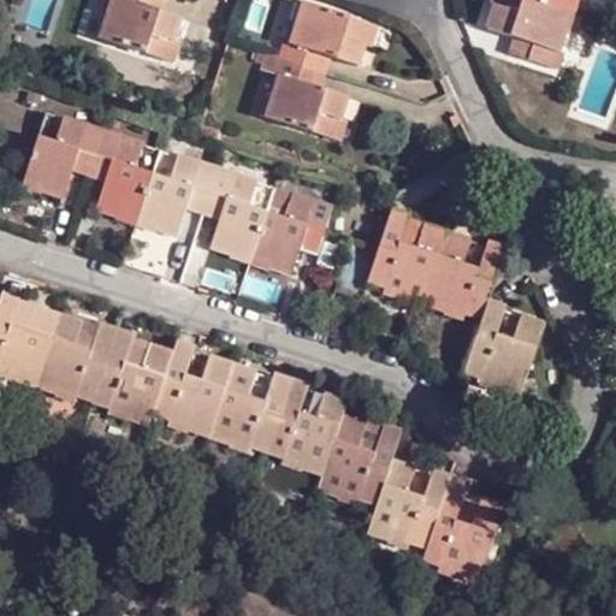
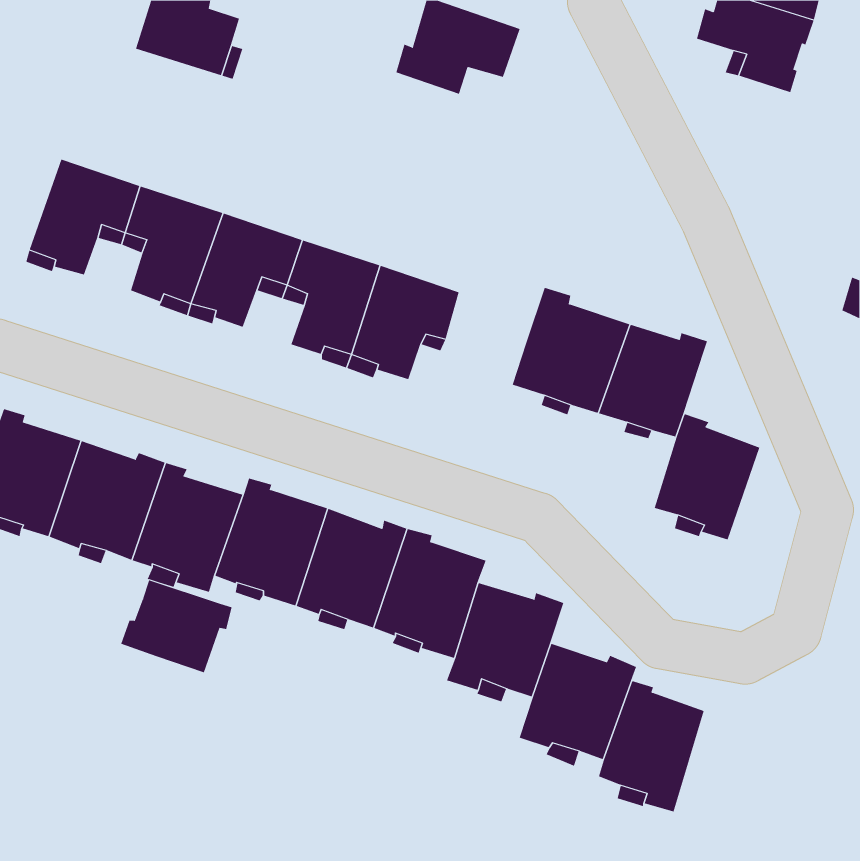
building: [267,53,346,136] -> none
building: none -> [120,580,232,673]

